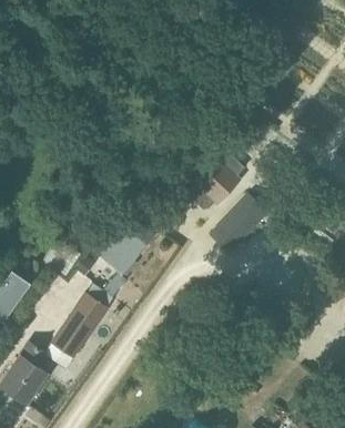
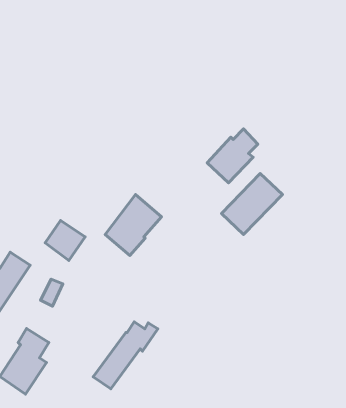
building: [52,291,113,354] -> [93,322,158,389]

